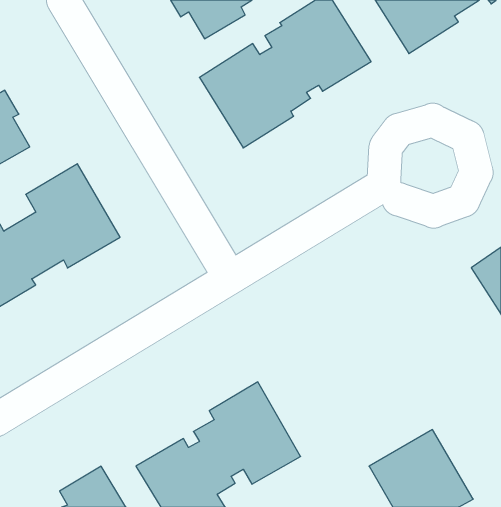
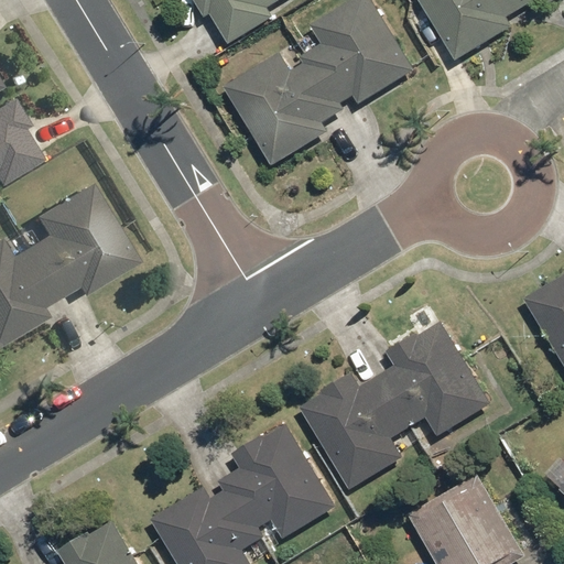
building: none -> [302,324,488,488]

